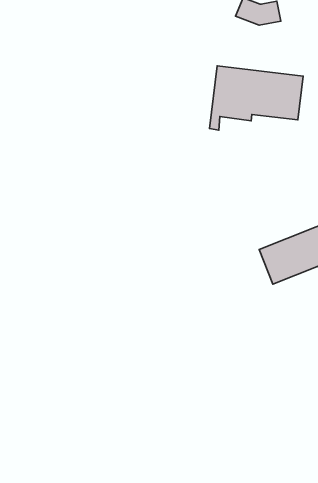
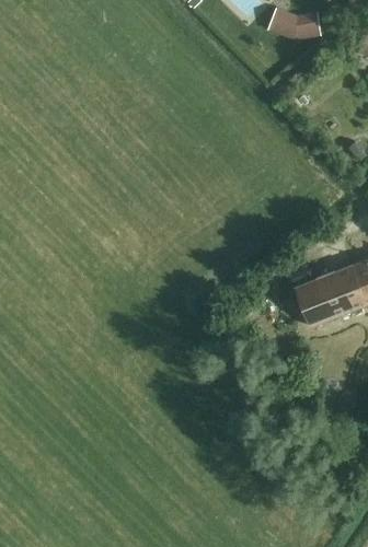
building: [210,66,303,130] -> none

